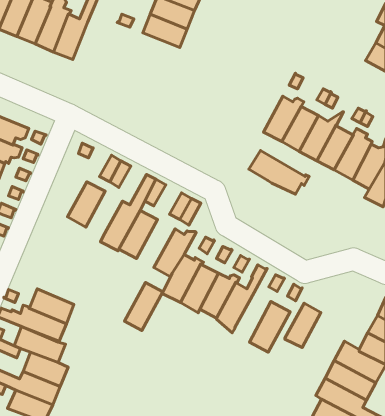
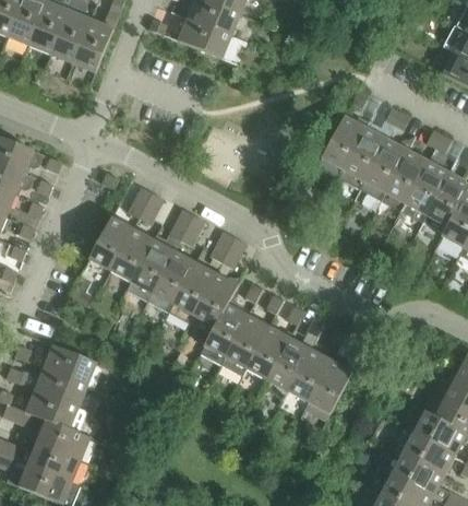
building: [249,150,309,194] -> none
building: none -> [110,228,154,282]
building: [124,283,163,330] -> [170,262,216,319]
building: [285,303,321,347] -> [287,349,329,401]

